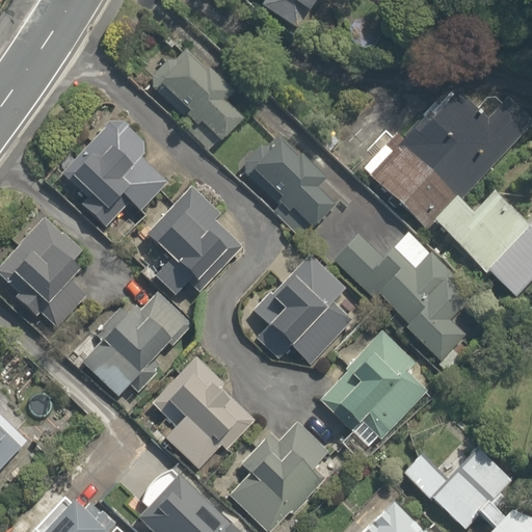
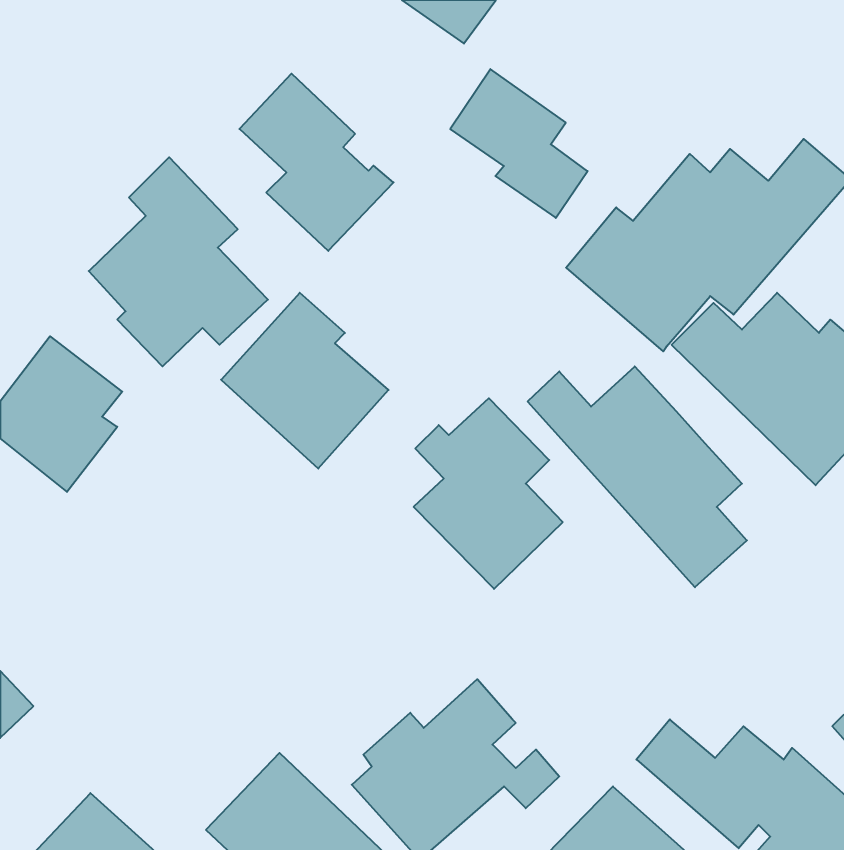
building: [247,137,332,230] -> [450,69,588,218]
building: [82,290,185,395] -> none
building: [323,328,437,441] -> none
building: [154,351,262,470] -> none

